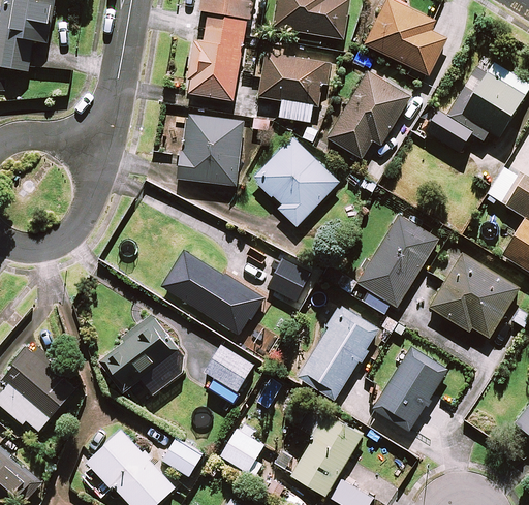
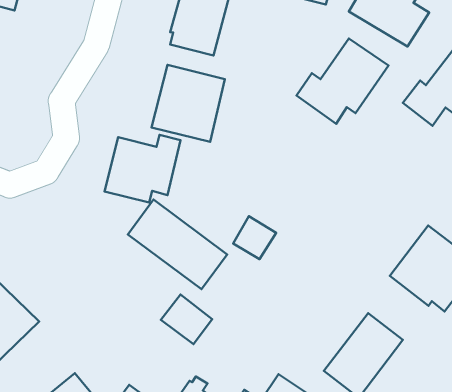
building: [256,53,330,121] -> none
building: [254,138,339,226] -> none
building: none -> [104,135,180,203]
building: [357,213,439,306] -> none
building: [298,303,383,400] -> none
building: [102,315,185,394] -> none

